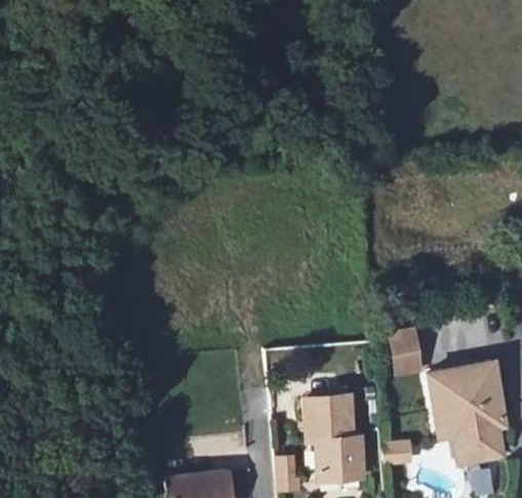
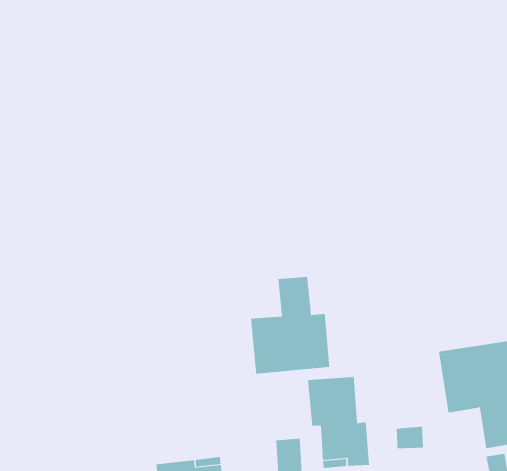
building: none -> [251,276,330,374]
building: [388,327,425,377] -> none

